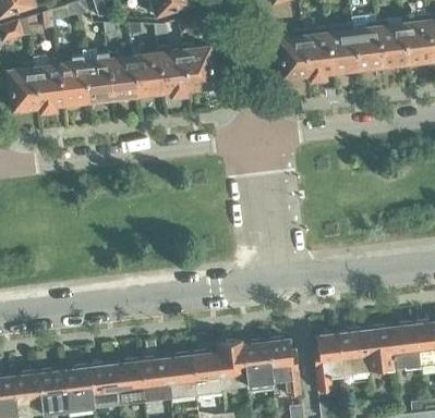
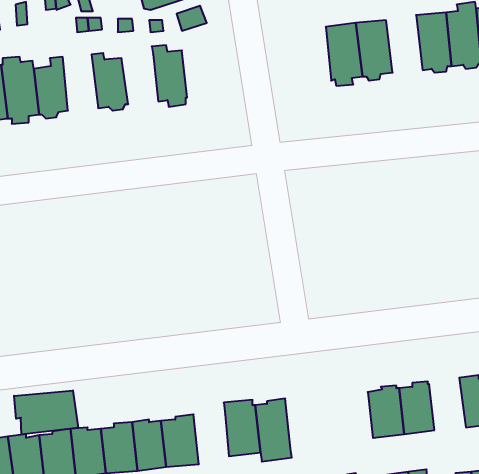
building: [351,15,383,72] -> none
building: [277,30,306,81] -> none
building: [181,42,214,91] -> none
building: [83,49,112,103] -> none
building: [131,49,162,97] -> none
building: [388,322,419,366] -> none
building: [313,332,341,392] -> none
building: none -> [14,390,78,434]
building: [268,337,301,397] -> none
building: [192,352,222,394] -> none

